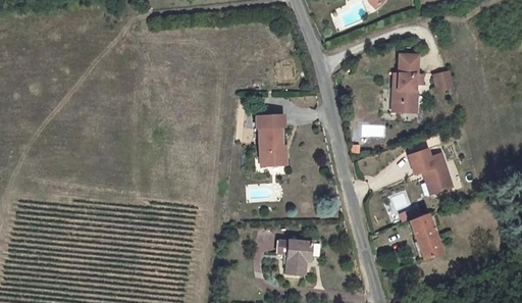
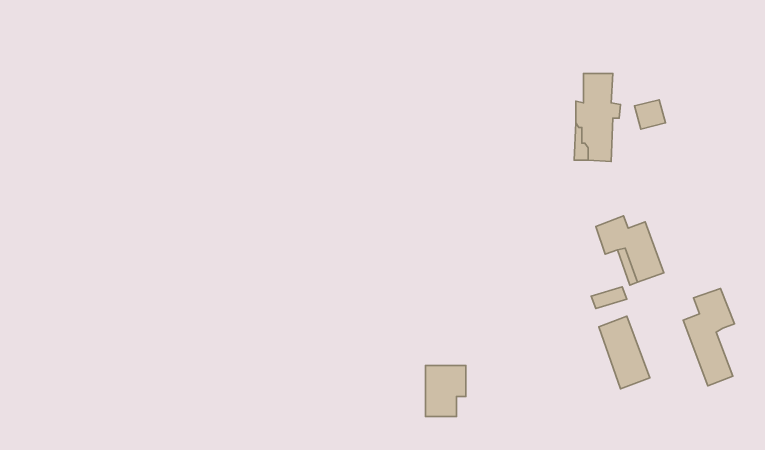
building: [258,118,286,171] -> none
building: none -> [683,289,735,386]

